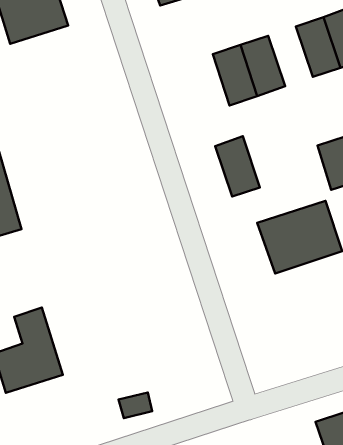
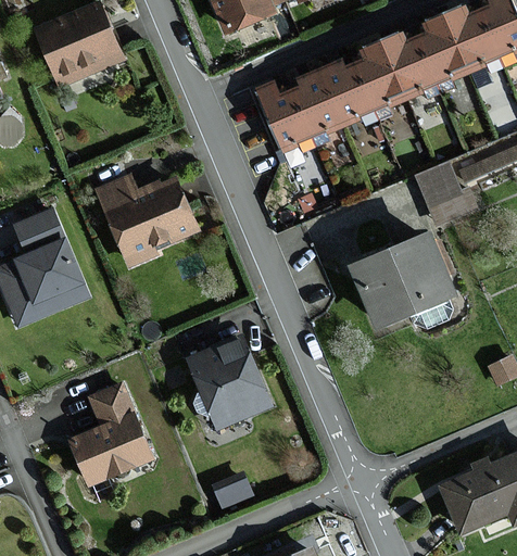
building: none -> [350,41,404,110]
building: none -> [96,176,199,269]
building: [215,136,260,197] -> [258,80,313,150]
building: none -> [188,338,270,428]

